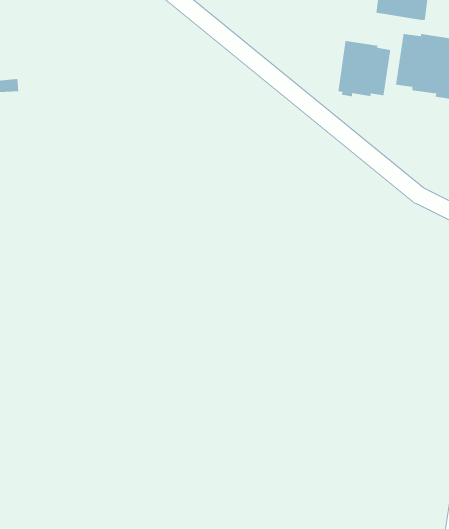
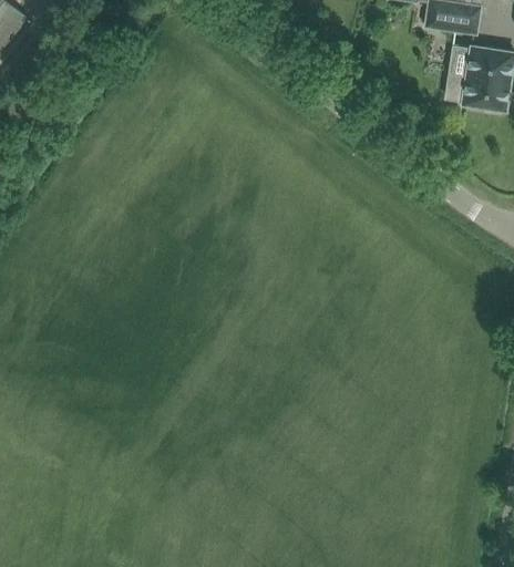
building: [338,40,391,97] -> none

